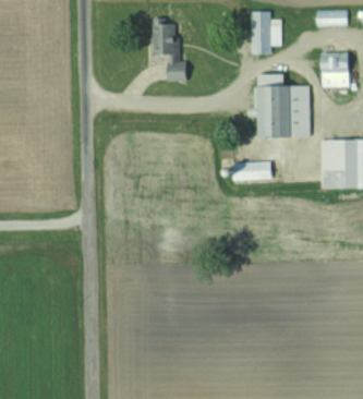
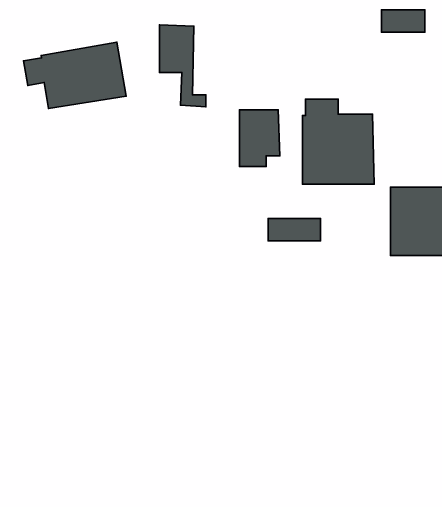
building: [251,12,280,53] -> [239,110,280,166]
building: none -> [23,42,126,108]
building: [323,53,350,87] -> none

